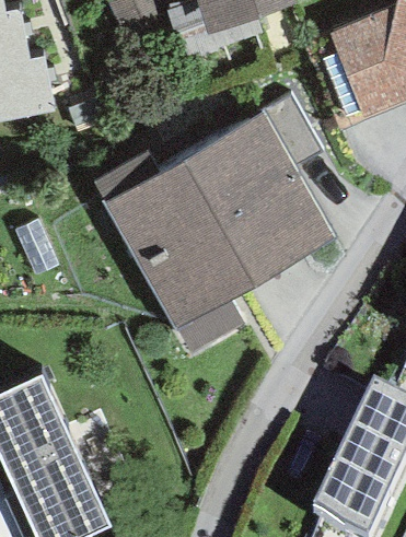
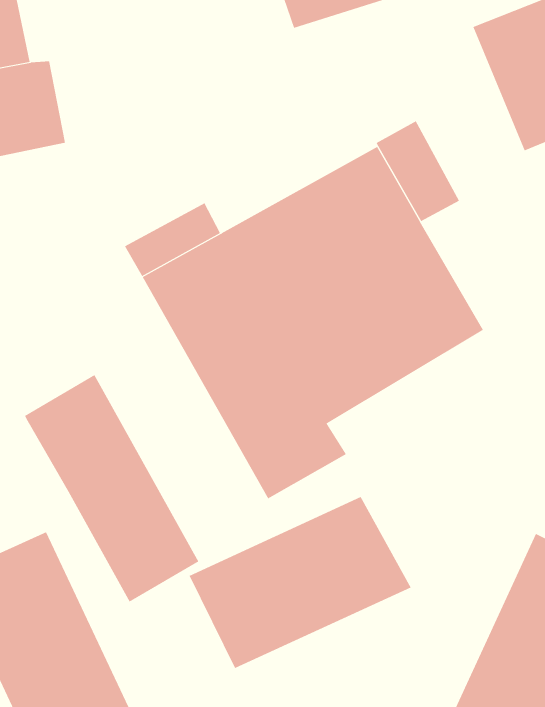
building: none -> [24,374,199,602]
building: none -> [189,496,411,669]

